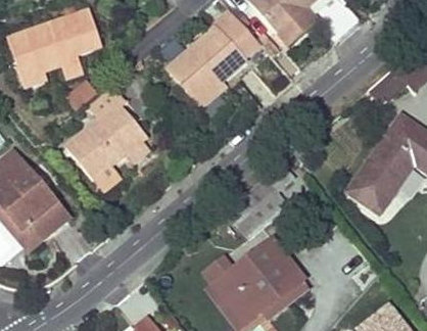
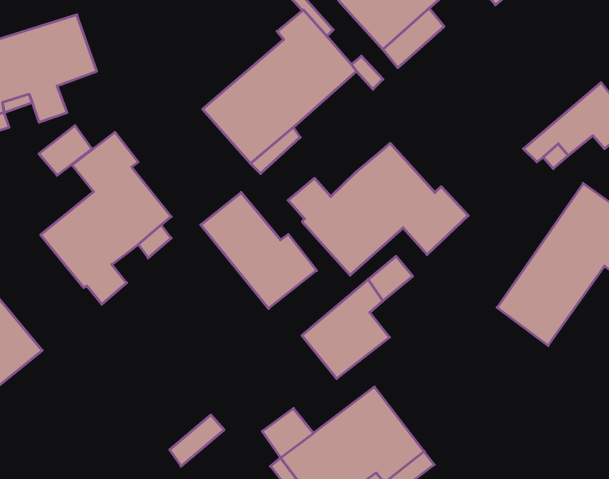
building: none -> [288,143,468,275]
building: none -> [201,192,317,309]

